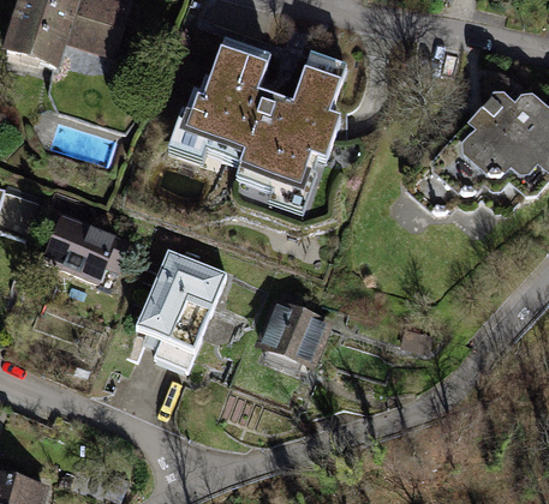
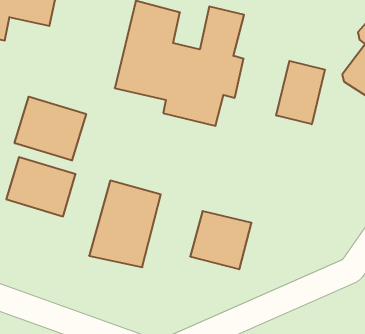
building: none -> [276,61,325,124]
building: none -> [15,97,86,161]

